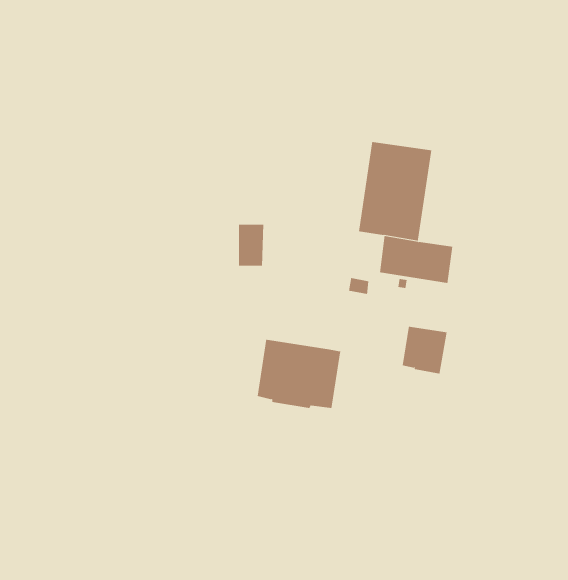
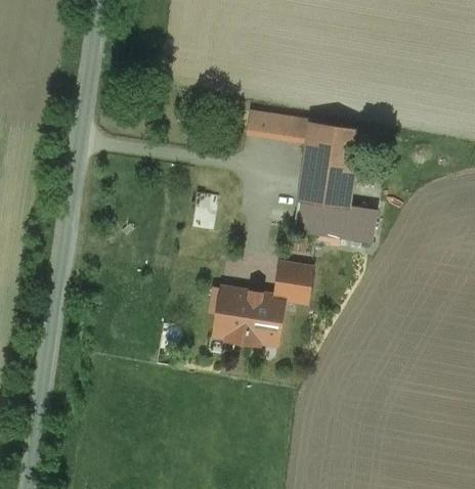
building: none -> [248,110,303,137]
building: none -> [293,197,319,231]
building: [402,326,448,374] -> [274,262,312,302]

